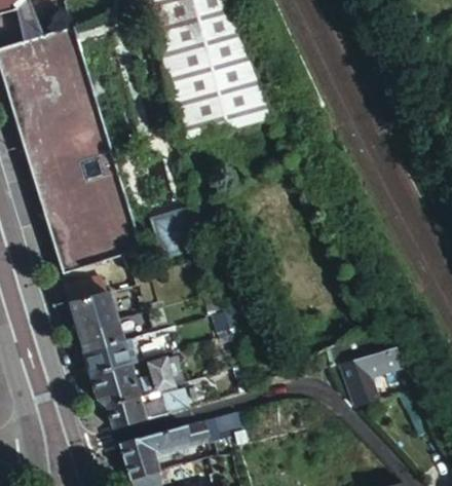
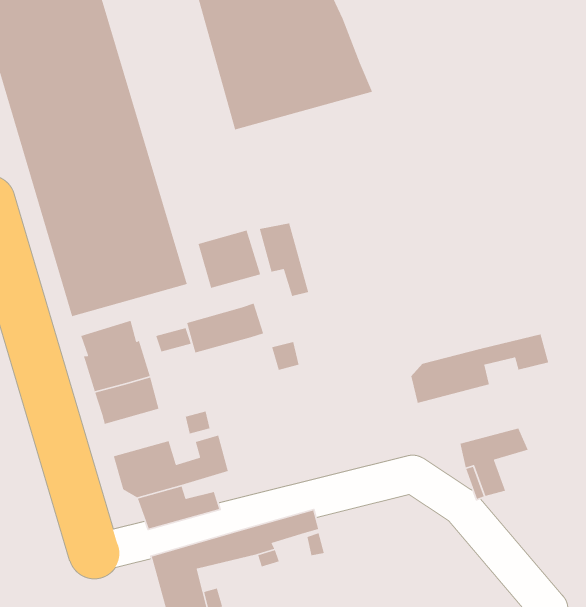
building: none -> [259,223,309,297]
building: none -> [411,333,549,404]
building: [83,336,140,373] -> [186,303,264,354]

